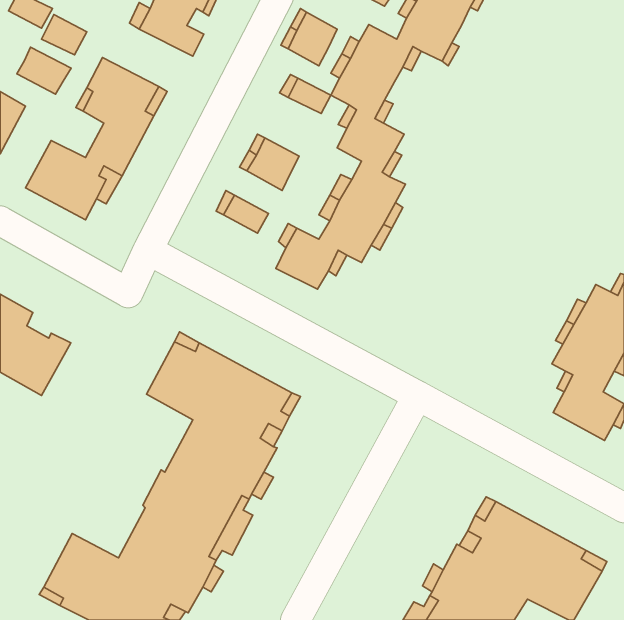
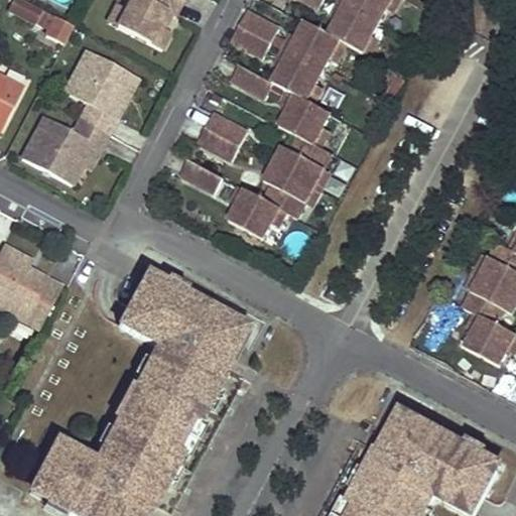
building: [17,47,71,94] -> none

